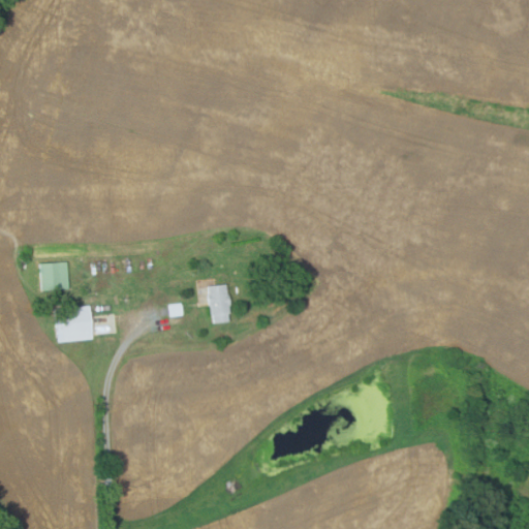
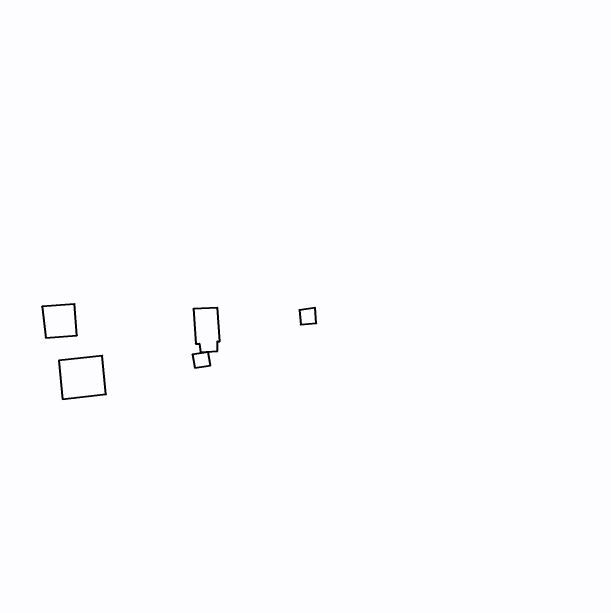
building: [208,285,230,323] -> [193,308,220,352]

